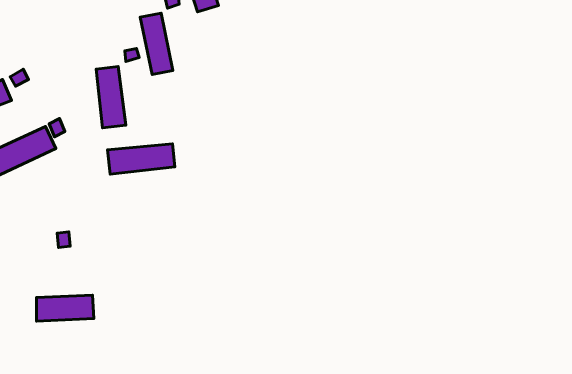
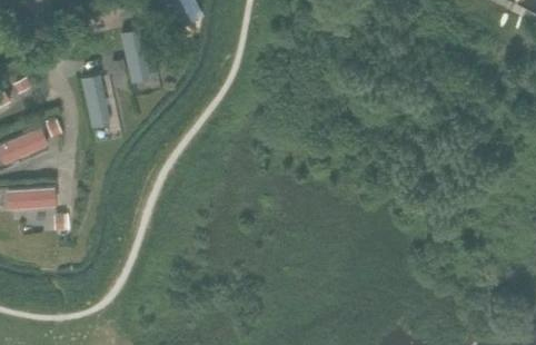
building: [108,144,175,174] -> none
building: [36,295,94,321] -> [9,187,58,209]

